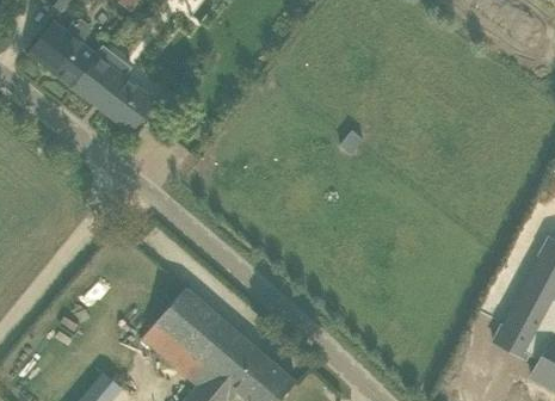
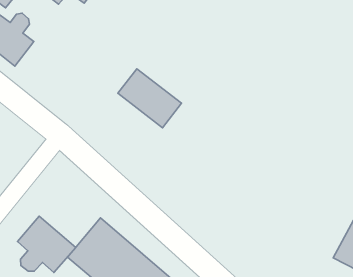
building: [73,55,156,132] -> [118,69,182,128]
building: none -> [17,216,76,273]

